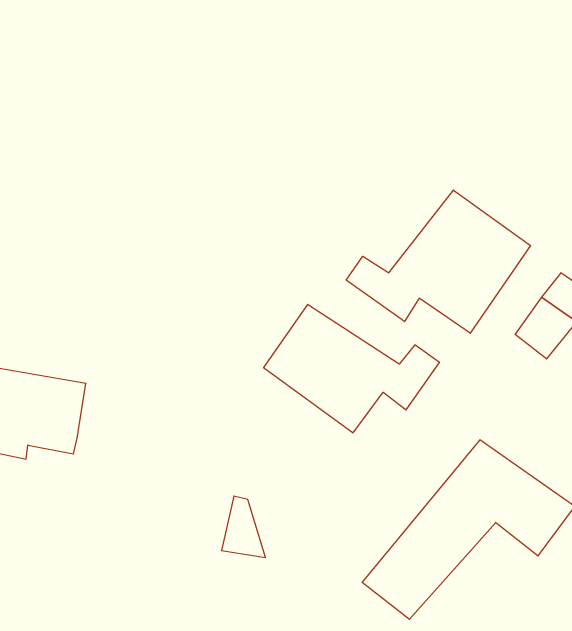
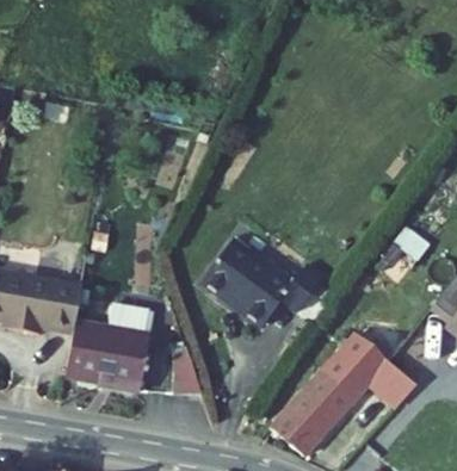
building: [346,190,530,333] -> none
building: none -> [69,309,154,395]

